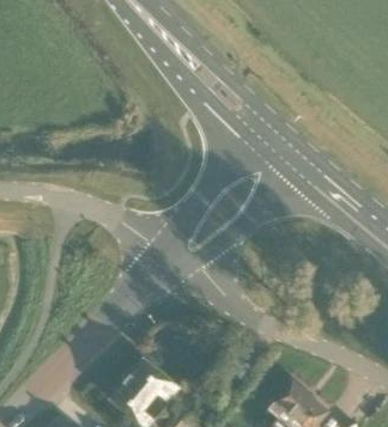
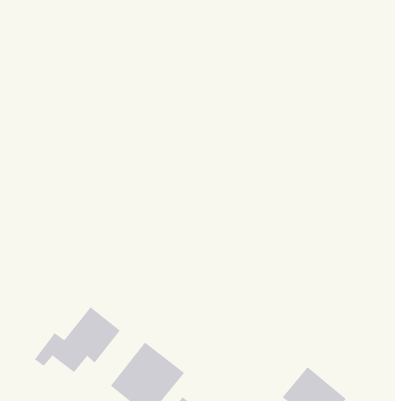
building: none -> [34,306,121,373]

